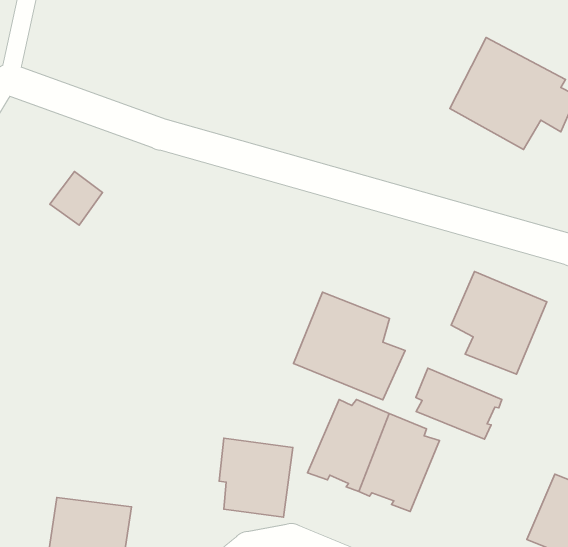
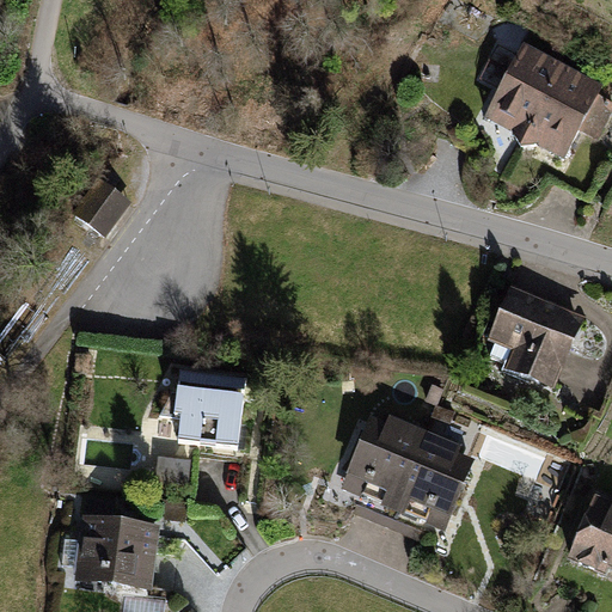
building: [293,292,405,400] -> none
building: [416,368,502,439] -> none
building: [219,438,293,517] -> [171,368,246,449]

